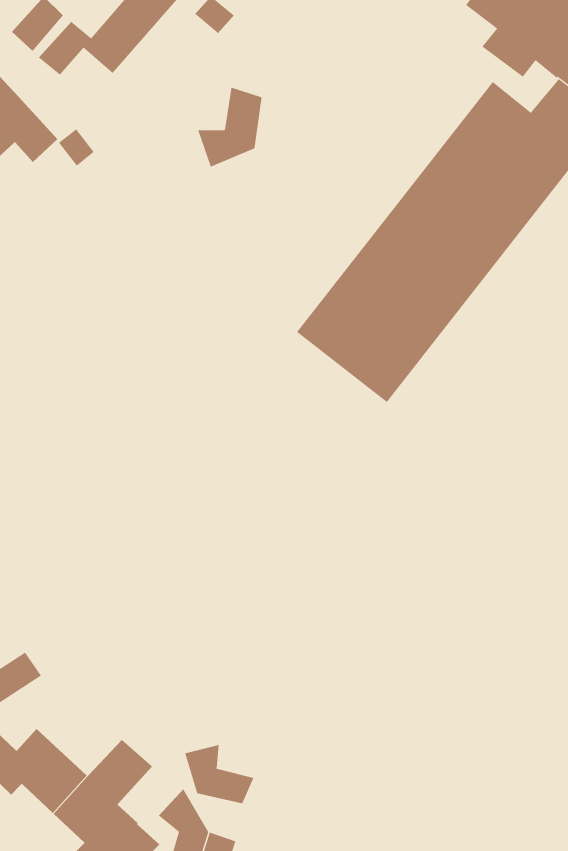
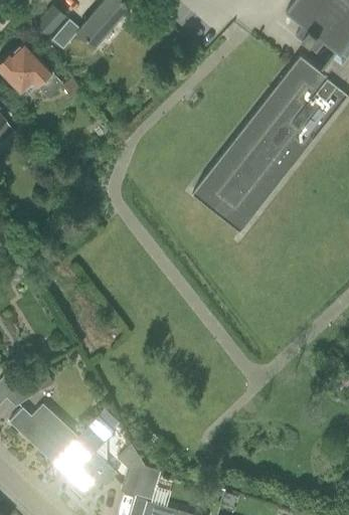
building: [198,87,262,167] -> none
building: [185,744,254,804] -> none

